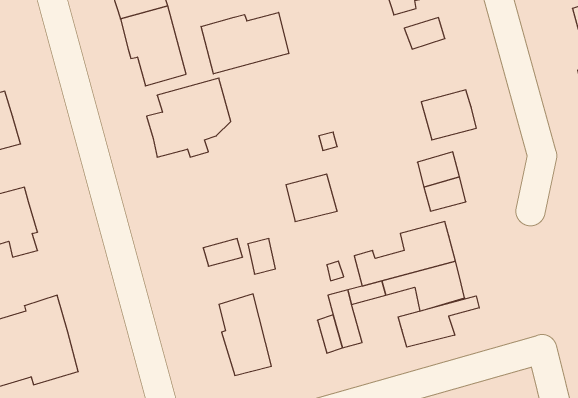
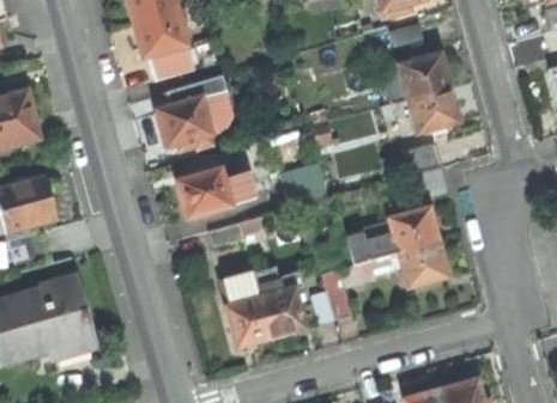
building: [201,12,289,74] -> none
building: none -> [398,54,447,97]
building: none -> [176,161,253,218]
building: none -> [253,265,304,337]
building: [398,296,479,347] -> none

